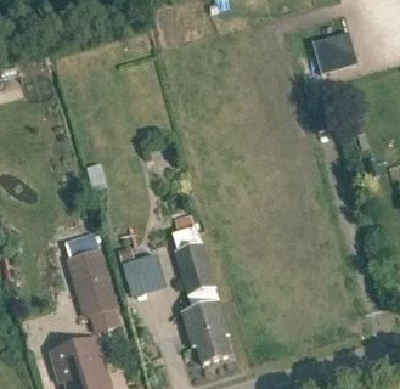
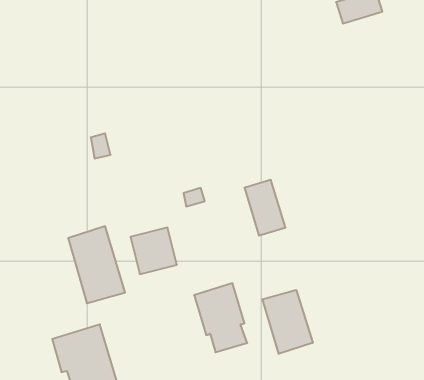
building: [175,243,213,294] -> [244,180,285,236]
building: none -> [262,290,313,354]

